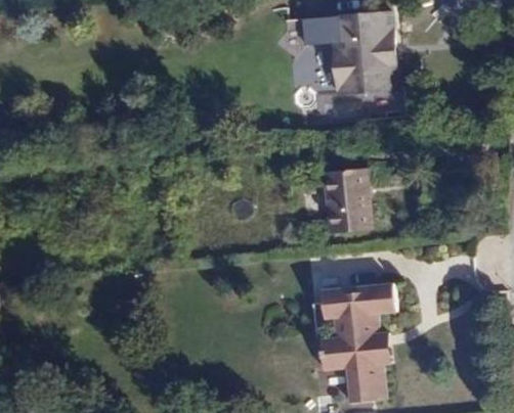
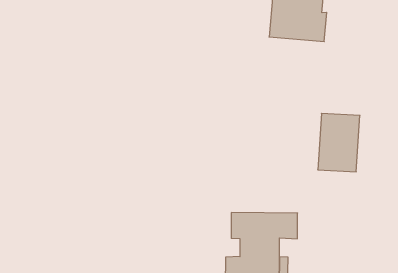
building: [325,164,372,229] -> [318,113,360,172]

